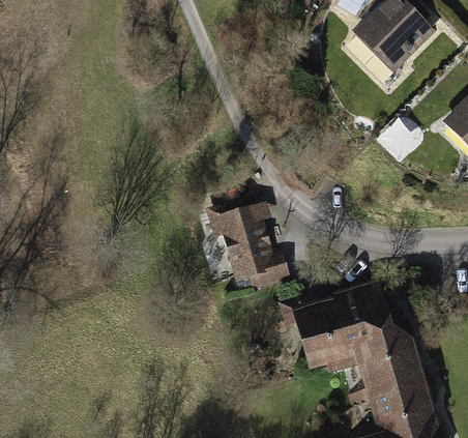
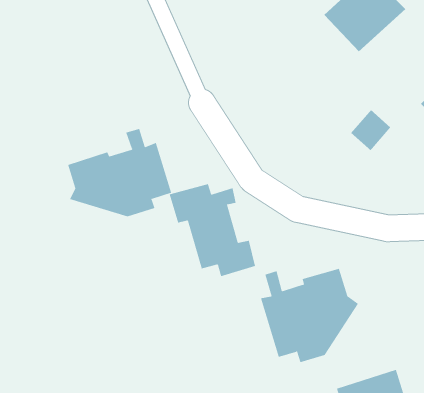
building: none -> [67,128,172,217]
building: [355,313,423,395] -> none

